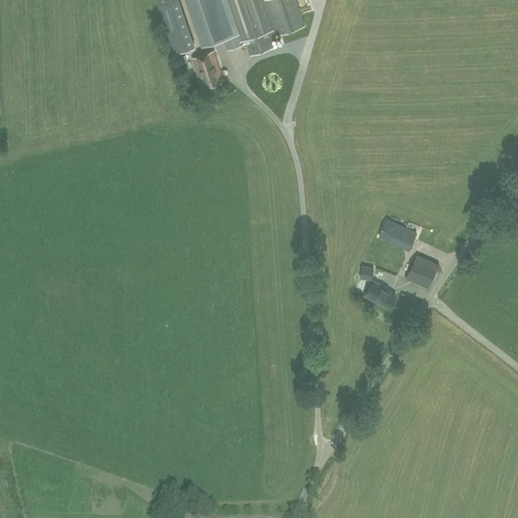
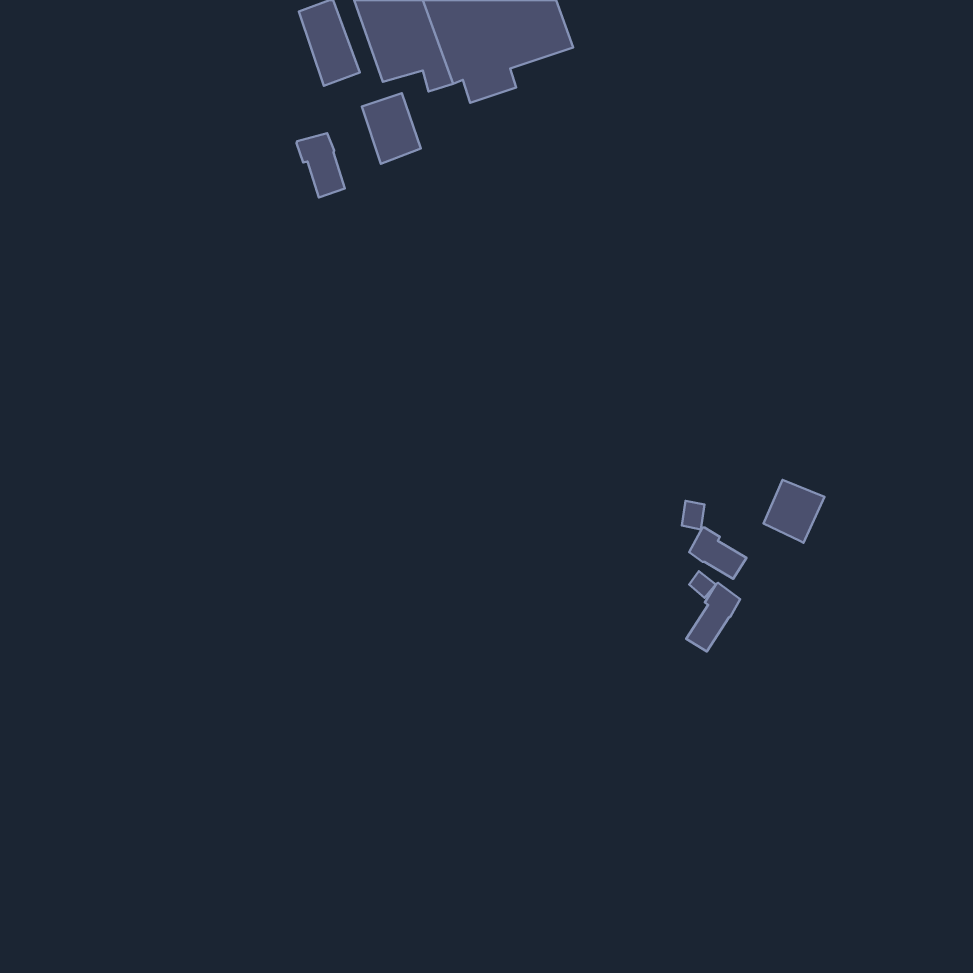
building: none -> [297,133,345,197]
building: [379,220,417,250] -> none
building: none -> [686,583,740,651]

